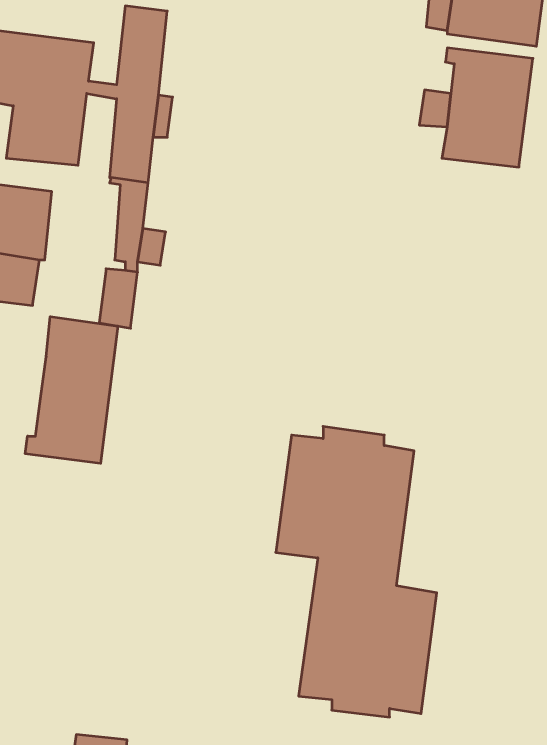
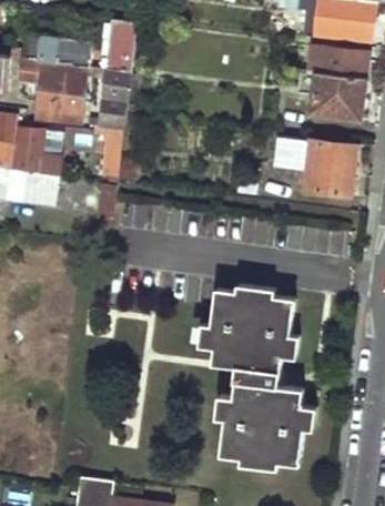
building: none -> [276,139,356,196]
building: [25,317,118,463] -> none

